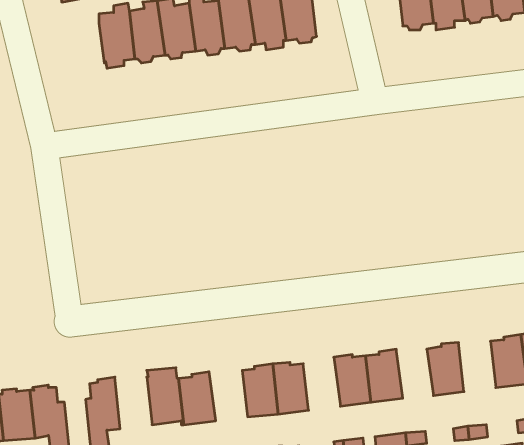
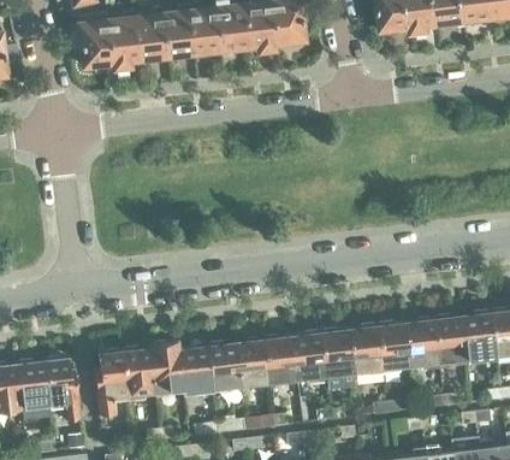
building: none -> [77,14,111,71]
building: none -> [432,317,465,364]
building: none -> [375,324,409,370]
building: none -> [291,332,325,381]
building: none -> [206,343,241,390]
building: none -> [120,349,154,397]

